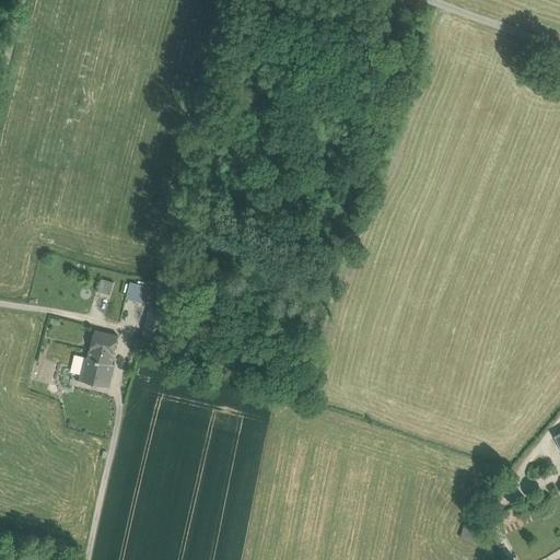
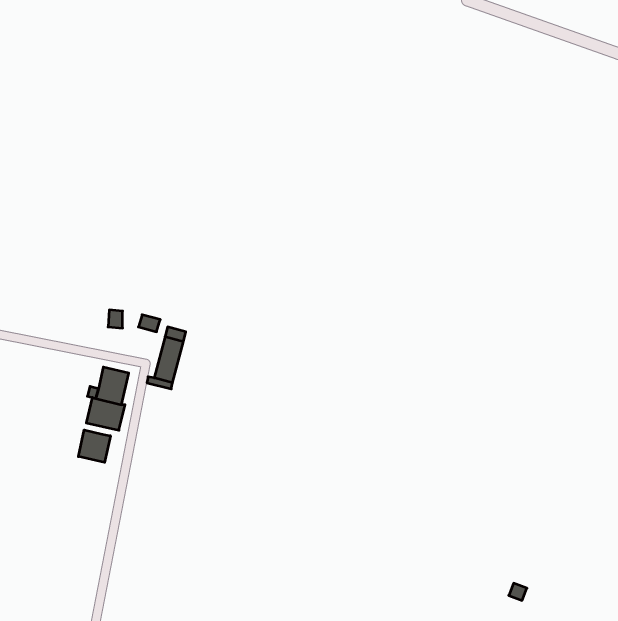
building: none -> [78,430,110,462]

